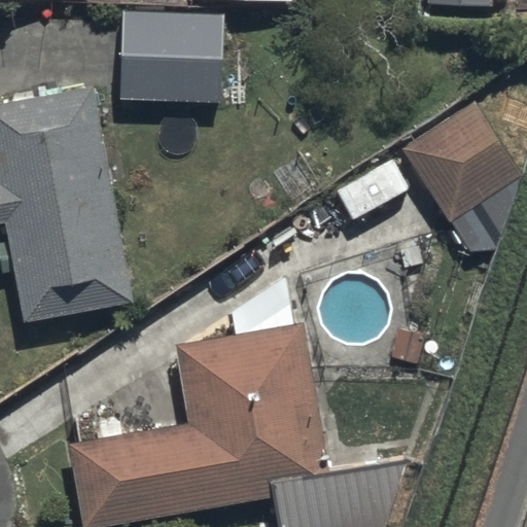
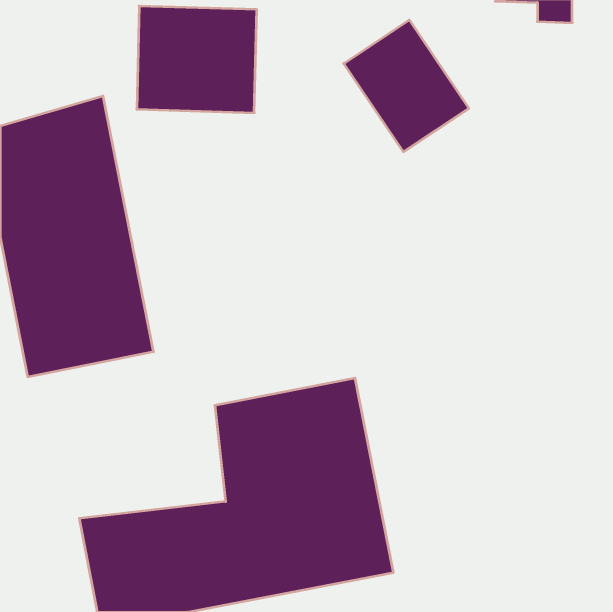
building: none -> [344,20,469,152]
building: [399,96,519,245] -> none

